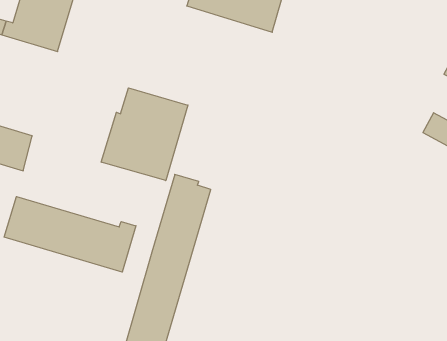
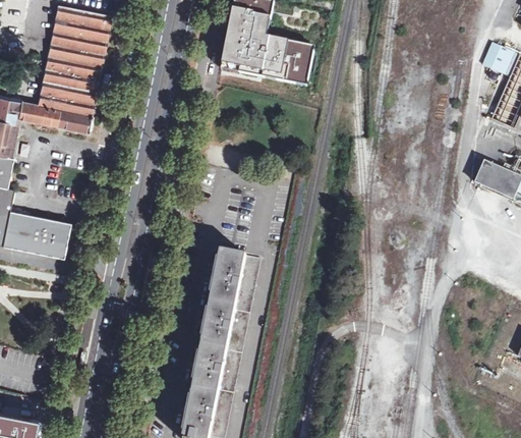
building: [101,88,188,181] -> none
building: [4,197,136,272] -> none

